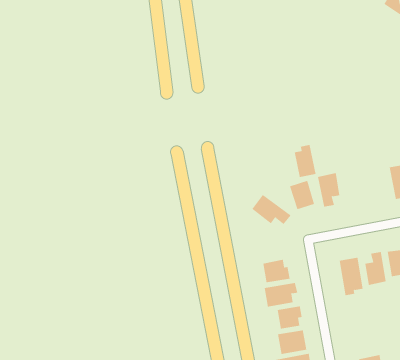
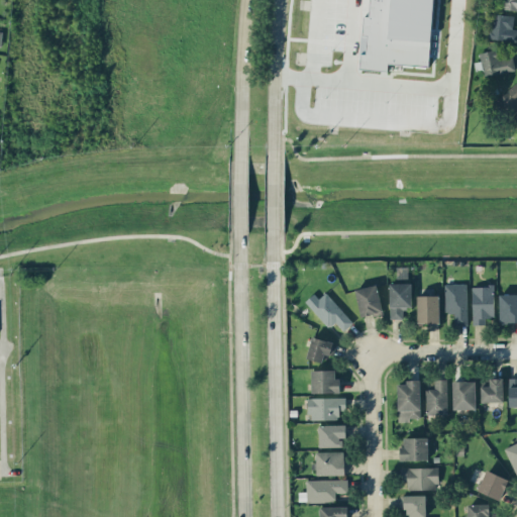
building: [294,144,316,178] -> none
building: none -> [445,284,468,325]
building: none -> [417,296,440,323]
building: none -> [307,337,336,363]
building: none -> [402,437,429,461]
building: none -> [400,468,438,490]

